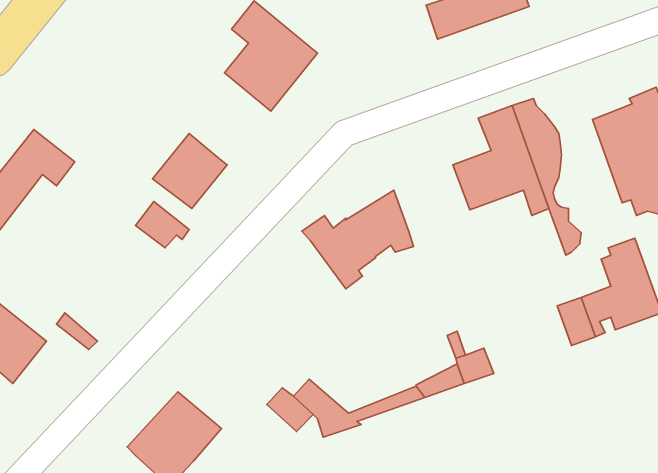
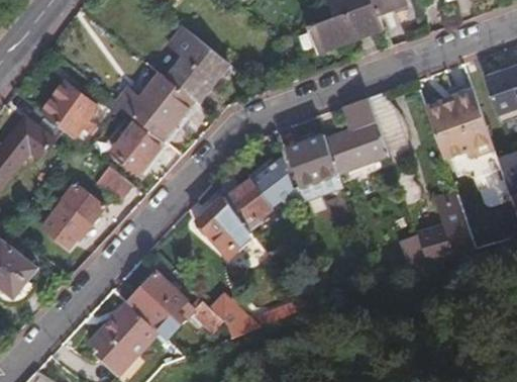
building: none -> [113,61,195,140]
building: none -> [41,92,99,135]
building: none -> [287,135,341,202]
building: none -> [41,183,104,246]
building: none -> [197,195,250,254]
building: none -> [128,272,187,338]

